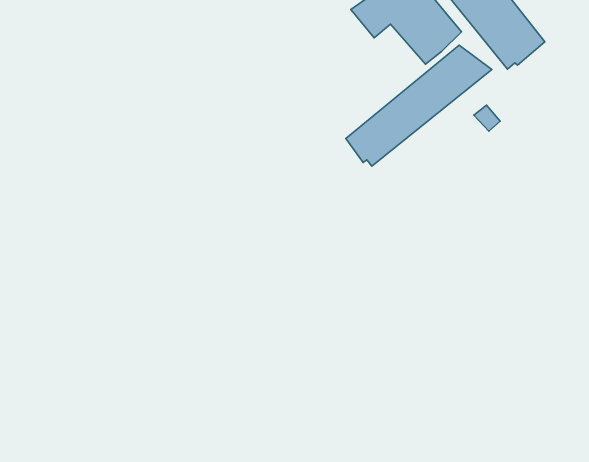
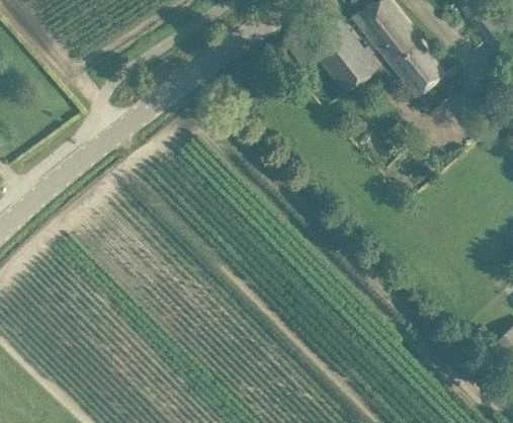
building: [346,45,492,166] -> none

